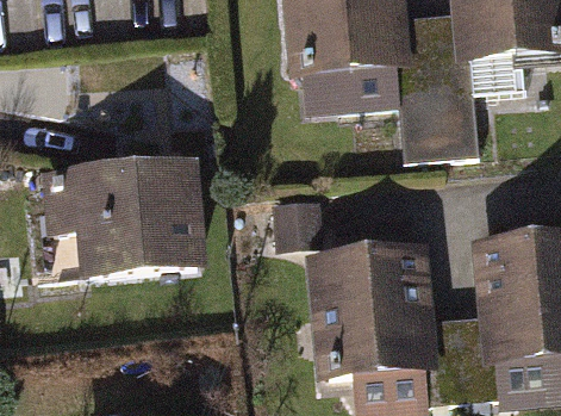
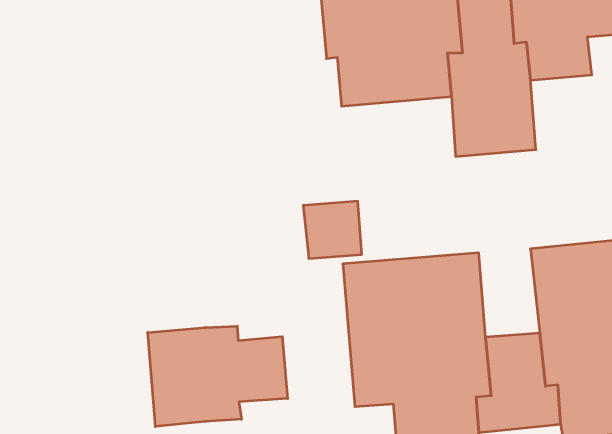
building: [38,159,204,278] -> none
building: none -> [148,326,288,427]

